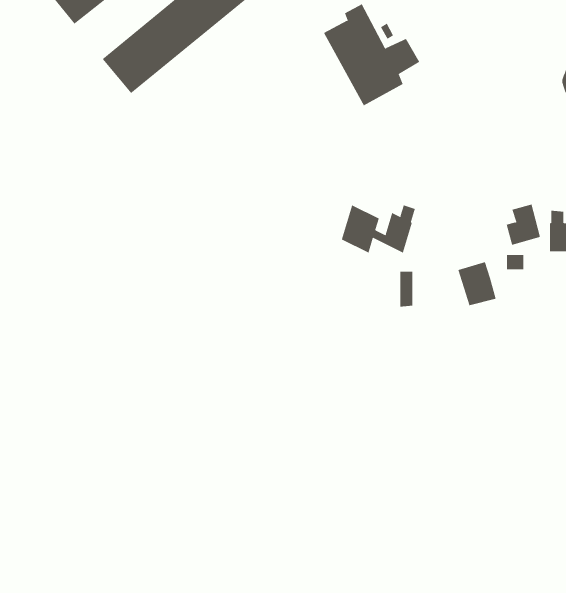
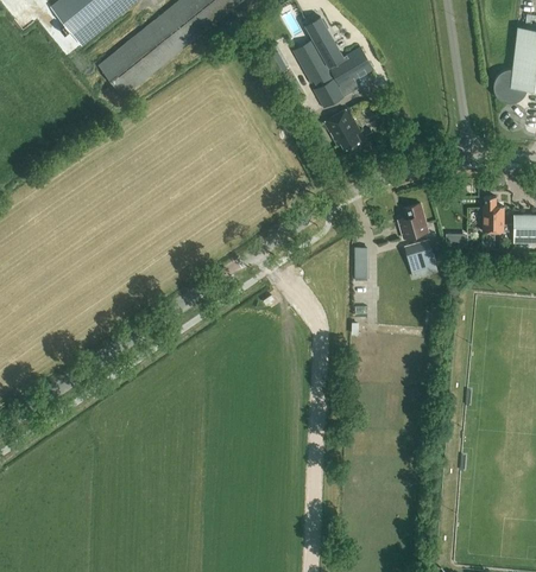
building: none -> [324,109,362,154]
building: [506,204,540,245] -> [398,203,428,239]
building: [341,204,416,253] -> none

